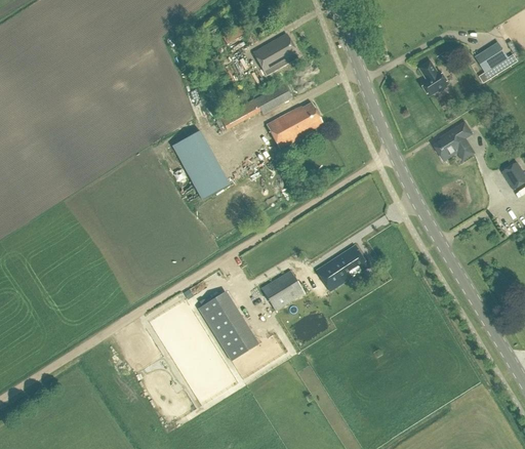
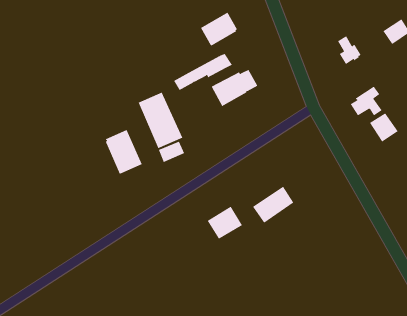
building: none -> [369,112,399,142]
building: none -> [105,129,142,174]
building: none -> [158,141,185,163]
building: [201,291,258,362] -> none

